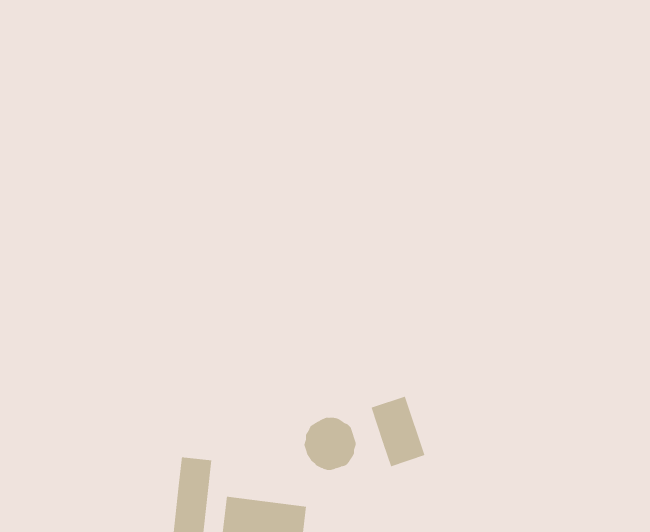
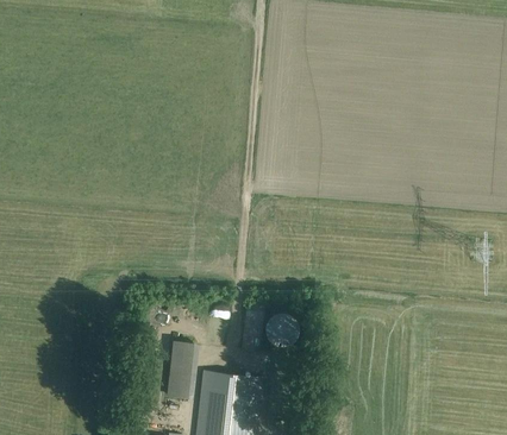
building: [371,396,425,467] -> none

